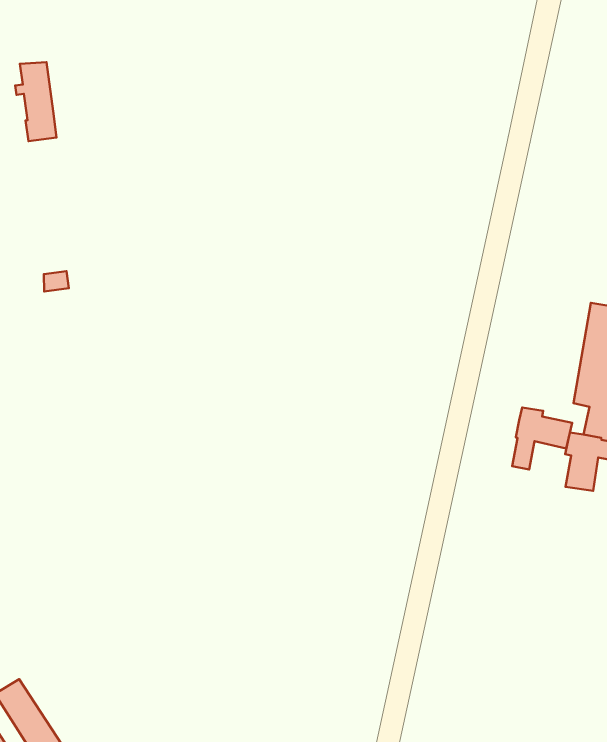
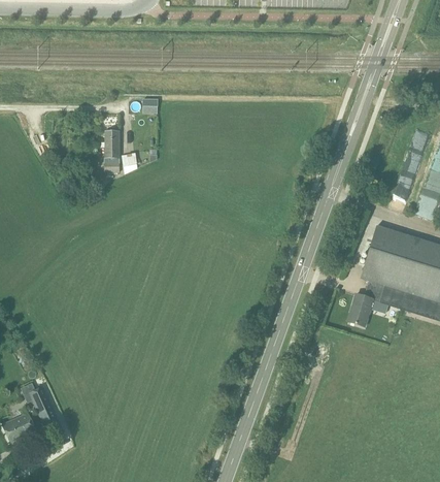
building: [15,62,57,141] -> [101,129,120,171]
building: [512,407,572,469] -> none

